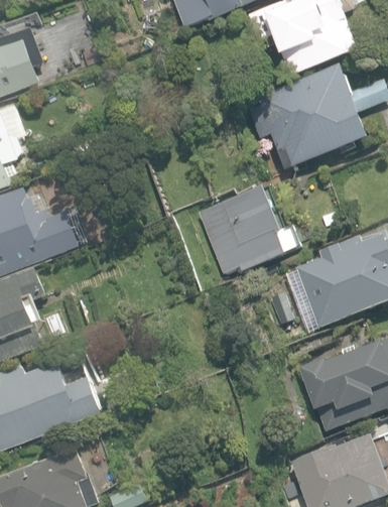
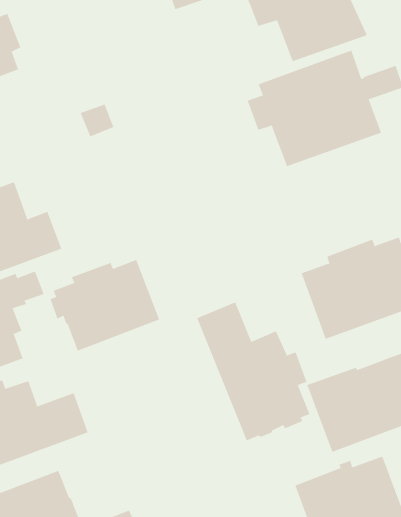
building: [197,185,299,273] -> none
building: none -> [50,259,160,351]
building: none -> [196,302,310,441]

